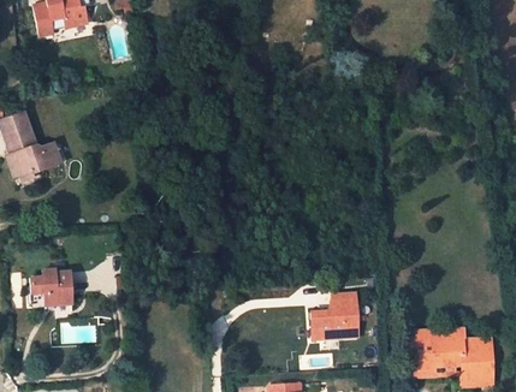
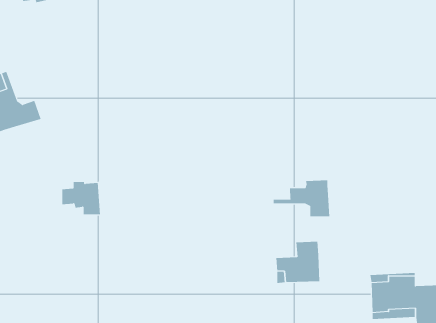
building: none -> [273,180,330,217]
building: [30,269,72,305] -> [61,181,101,215]

